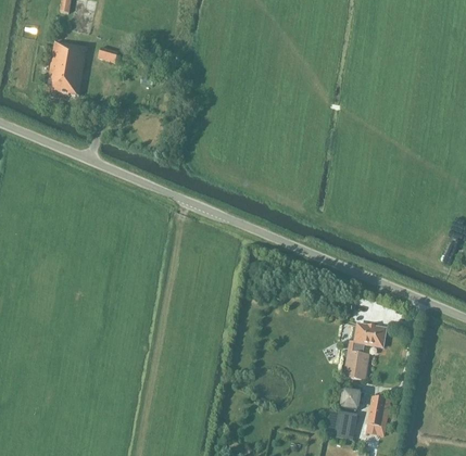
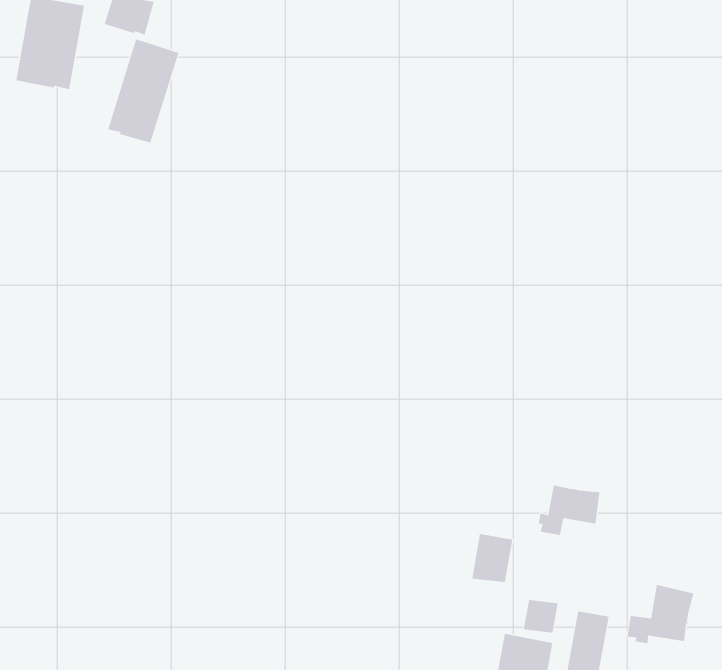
building: none -> [107,39,179,144]
building: [344,350,368,379] -> [472,532,513,583]
building: none -> [627,584,694,644]

